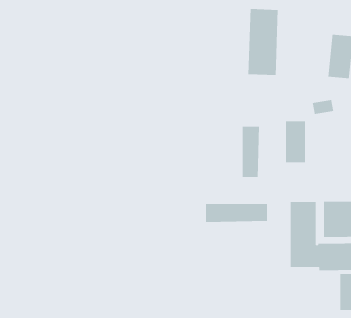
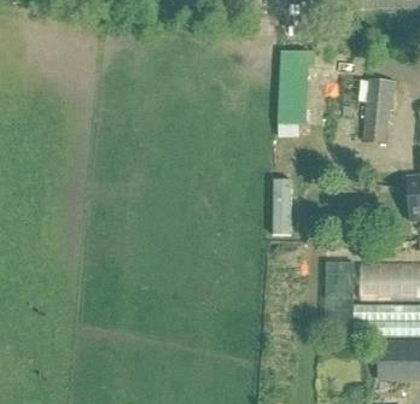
building: [285,121,306,163] -> none
building: [205,203,268,223] -> none

